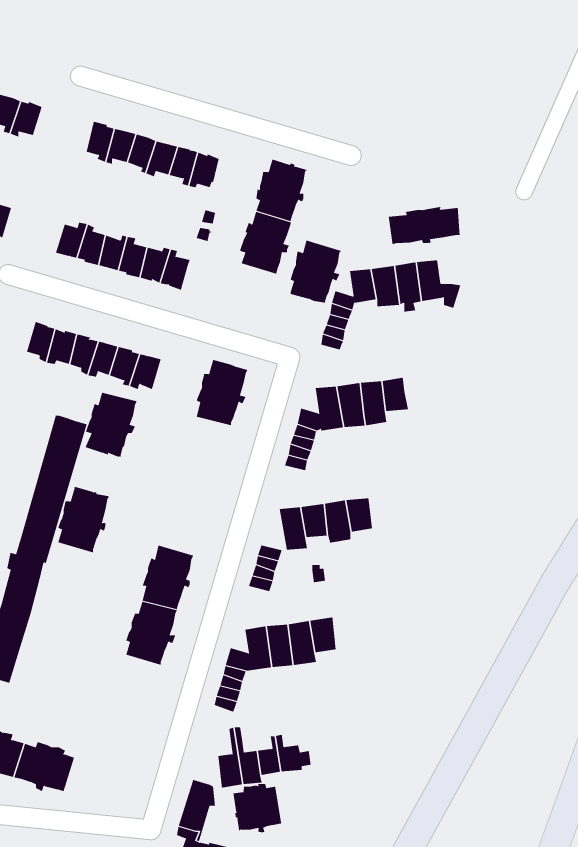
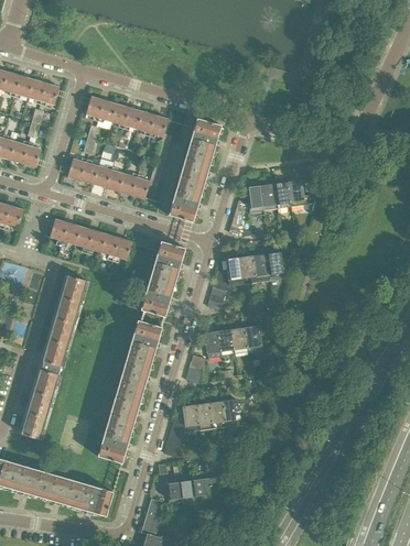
building: [388,206,460,245] -> none
building: [290,240,342,303] -> [170,183,202,221]
building: [85,392,138,457] -> [142,276,174,316]
building: [58,486,110,553] -> [129,320,161,361]
building: none -> [99,422,131,462]
building: none -> [72,484,111,515]
building: [233,783,282,833] -> none

